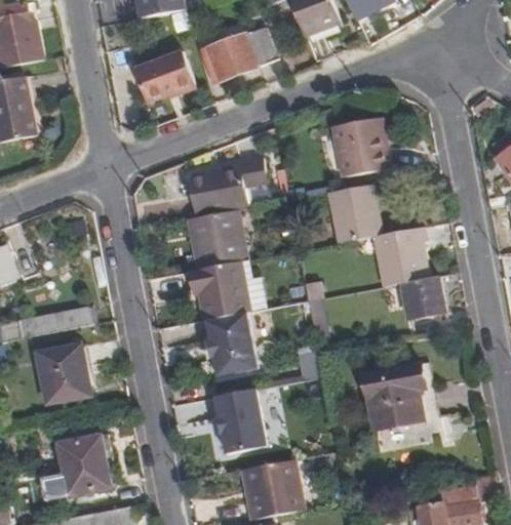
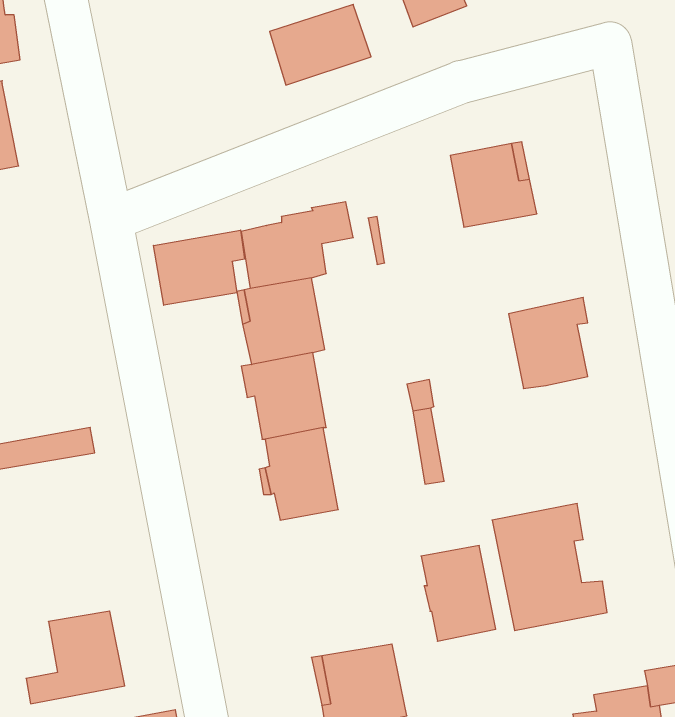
building: [135,48,197,98] -> none
building: none -> [153,230,244,305]
building: [328,183,383,240] -> none
building: [399,276,443,319] -> none
building: [35,349,89,407] -> none
building: [214,389,266,454] -> [421,546,496,641]

